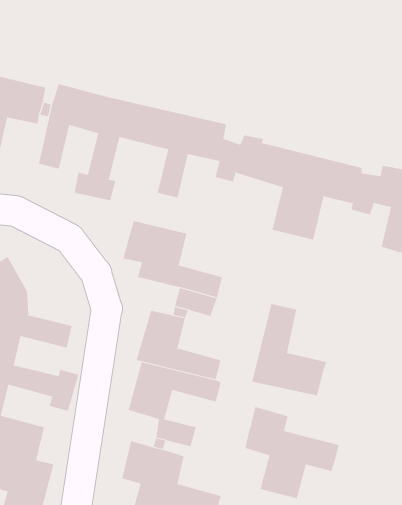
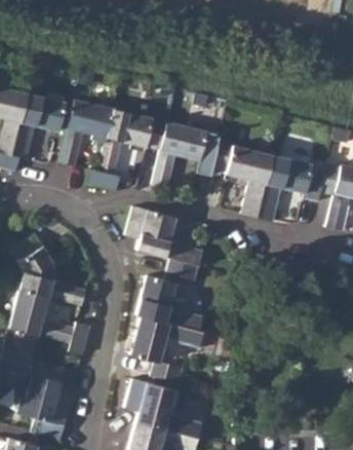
building: [252,303,327,396] -> none
building: [245,406,339,499] -> none

